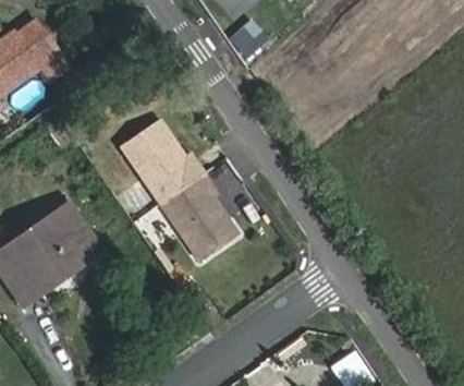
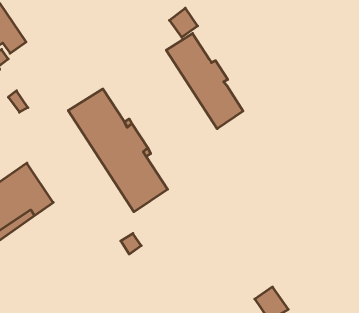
building: none -> [166,33,243,129]

